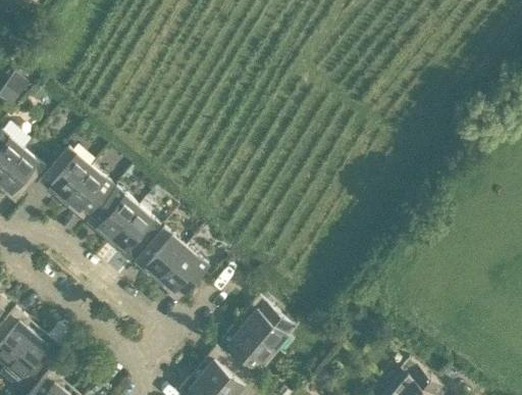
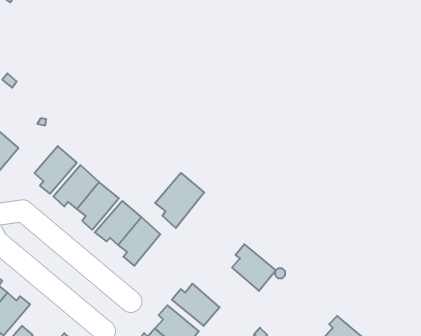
building: [39,149,91,198] -> none
building: none -> [155,173,204,228]
building: [244,297,294,350] -> [232,244,276,291]

